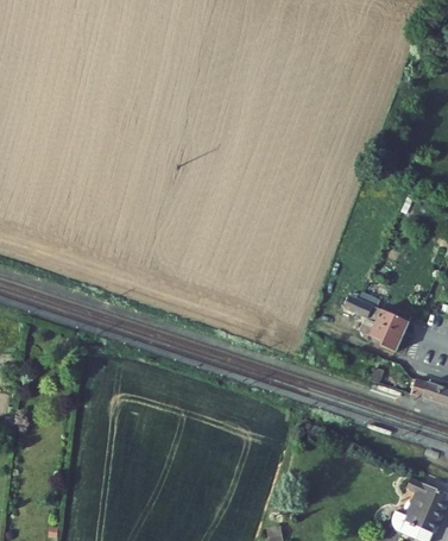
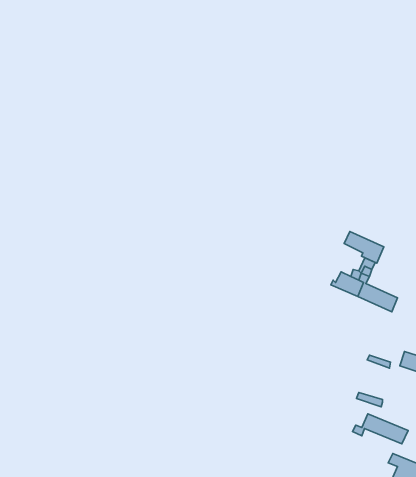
building: [364,320,404,352] -> [344,232,384,263]
building: none -> [352,414,408,444]

